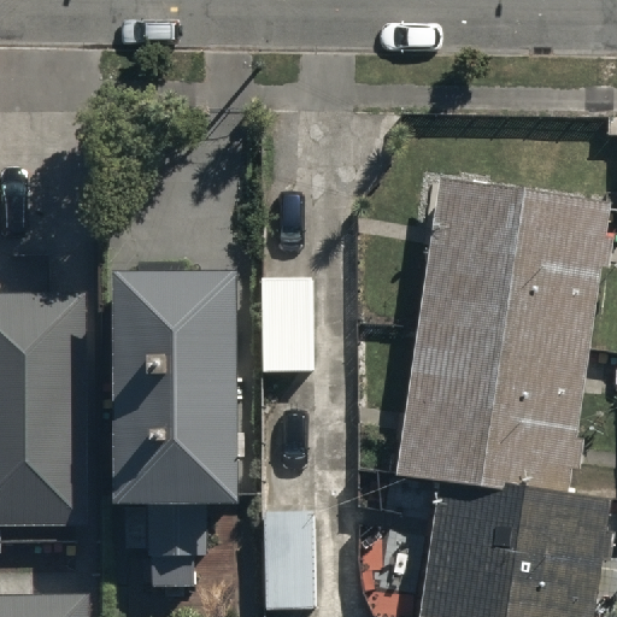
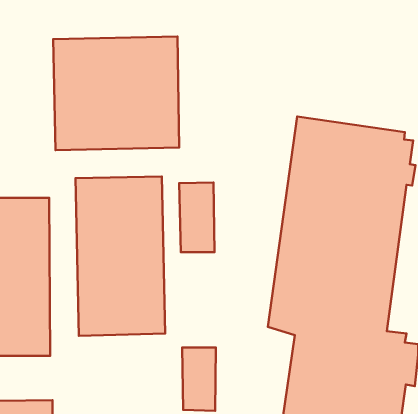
building: none -> [53,36,179,150]

